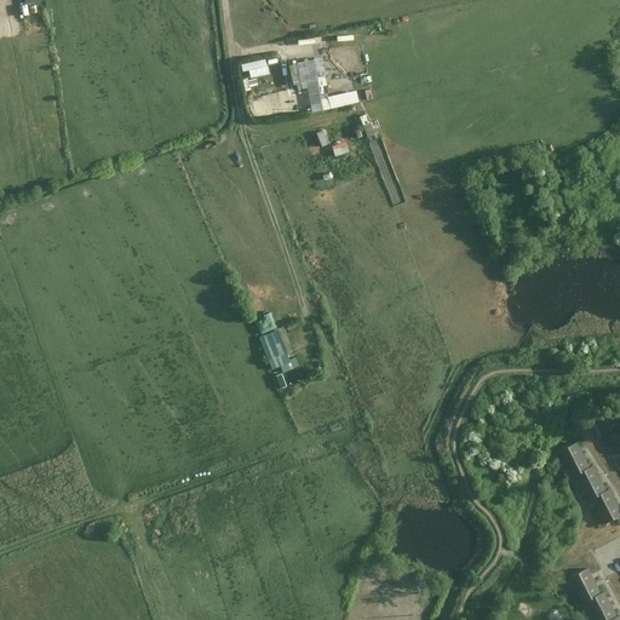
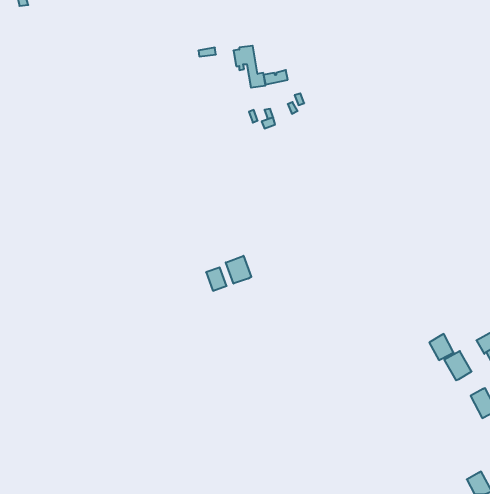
building: none -> [226,256,251,284]
building: [580,461,610,494] -> [429,334,454,360]
building: [573,564,605,598] -> none

